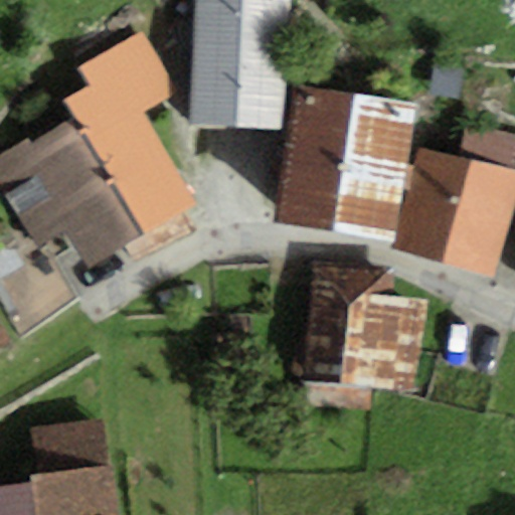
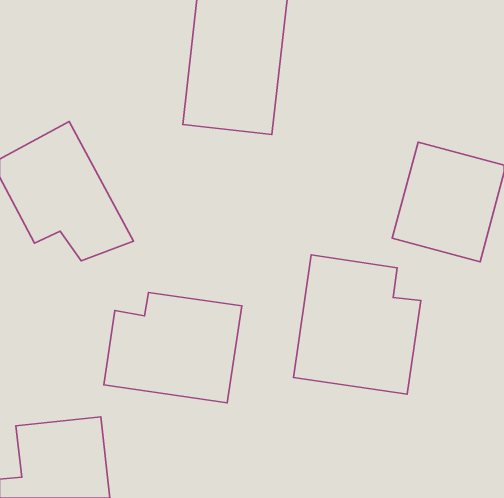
building: [60,45,189,245] -> none
building: [278,79,420,240] -> none
building: none -> [104,292,242,403]

